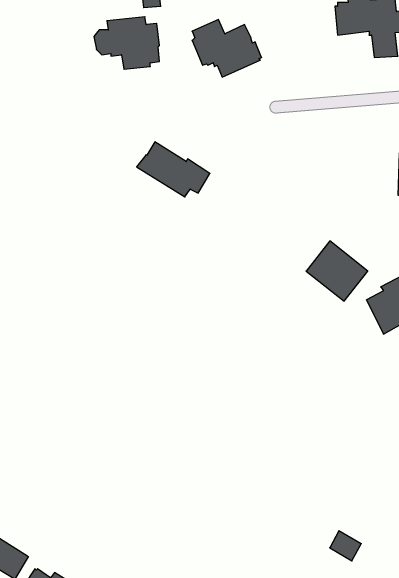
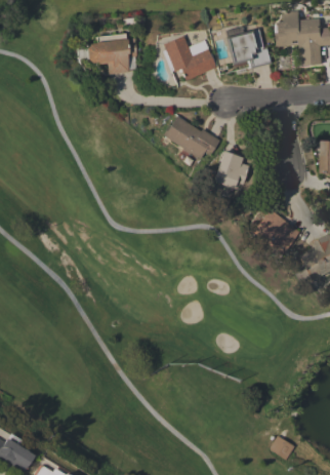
building: none -> [224,27,272,68]
building: [137,142,210,197] -> [162,115,219,158]
building: none -> [212,151,248,189]

